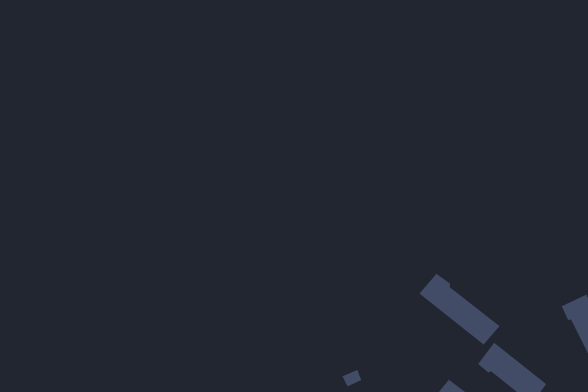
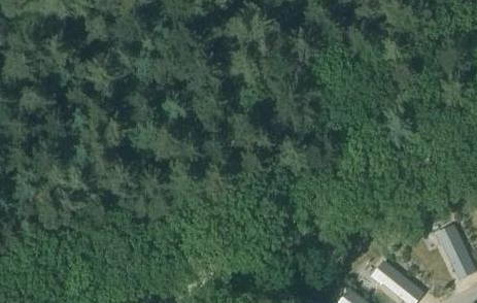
building: [419,273,500,345] -> none

